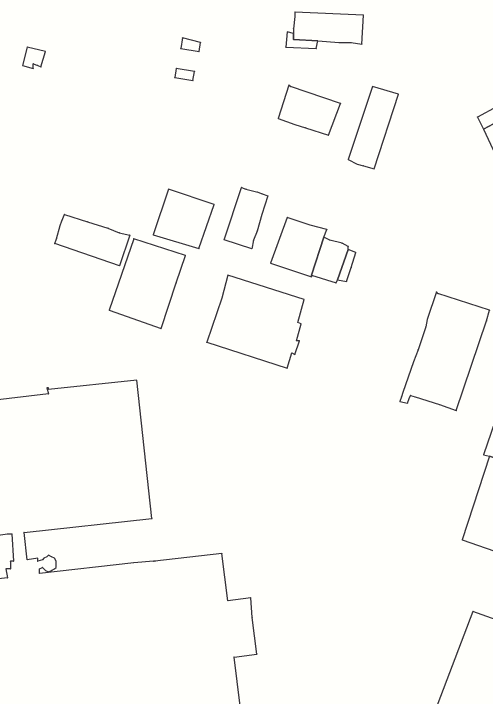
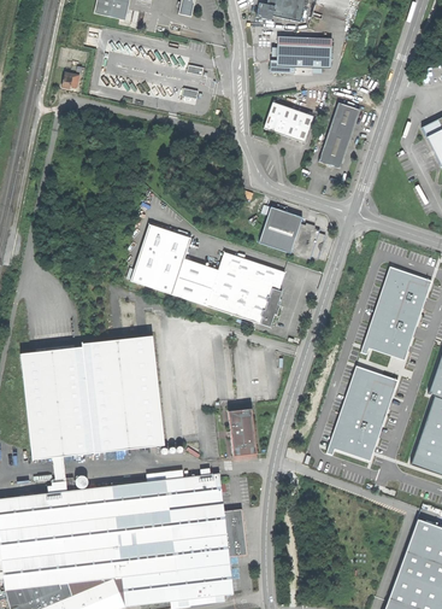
building: [224,187,268,249] -> none
building: [153,189,214,249] -> [171,258,219,305]
building: [55,214,130,266] -> none
building: none -> [326,365,397,459]
building: none -> [229,408,257,456]

